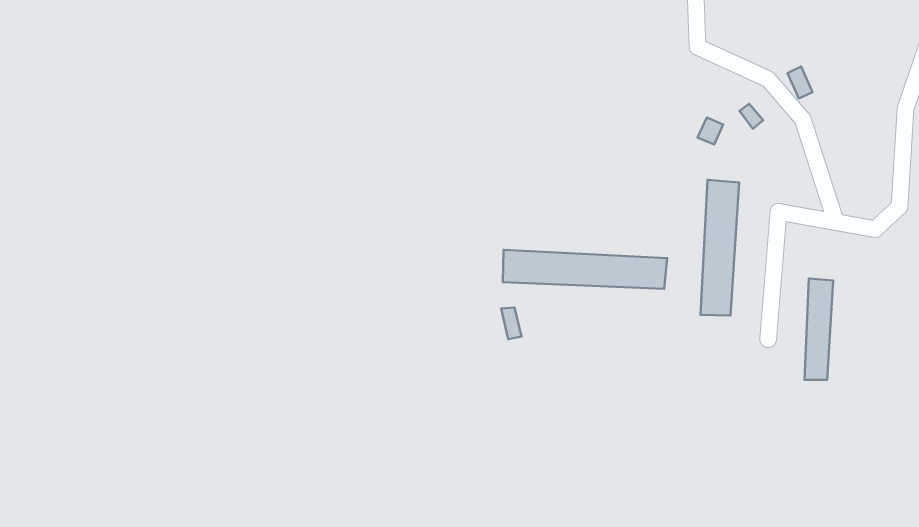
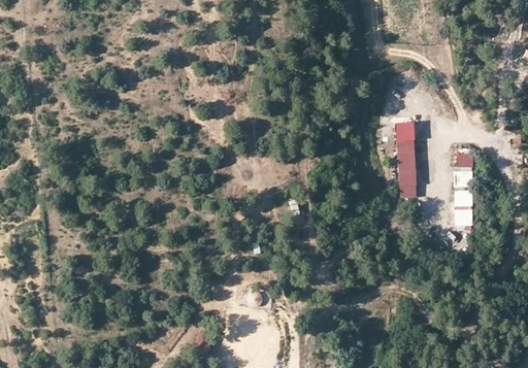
building: [503,250,667,289] -> none

